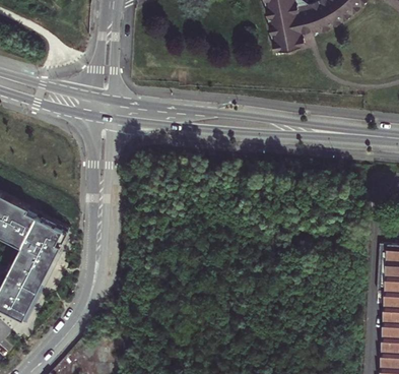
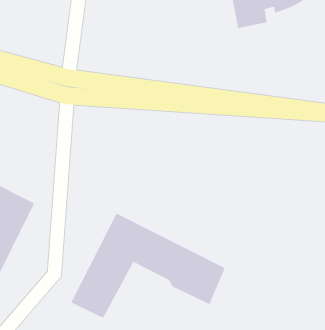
building: none -> [70,212,226,319]

